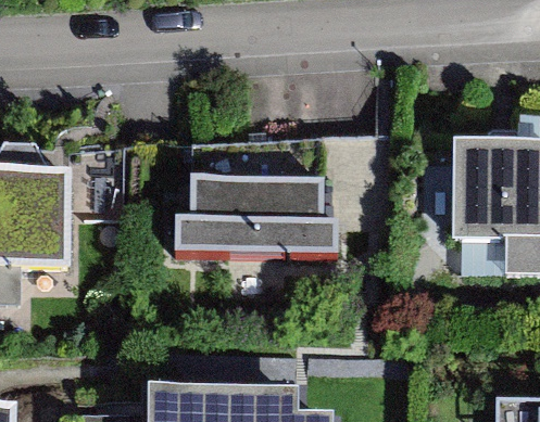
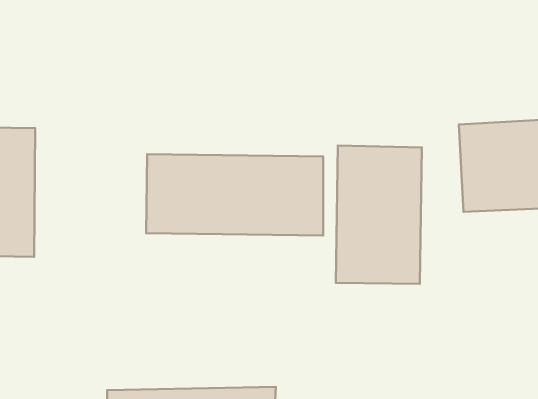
building: none -> [336,145,422,284]

